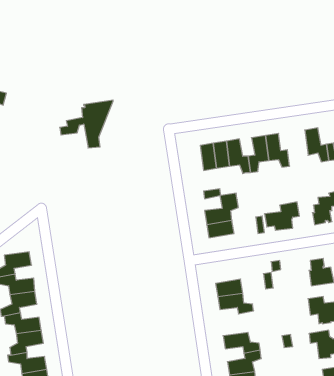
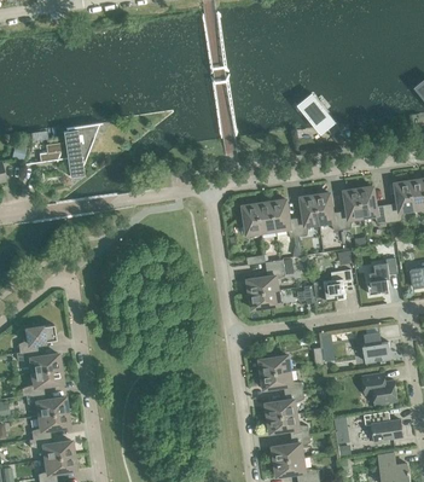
building: none -> [301,93,338,133]
building: [60,100,113,148] -> [37,122,97,175]
building: none -> [338,188,361,228]
building: none -> [265,389,302,417]

